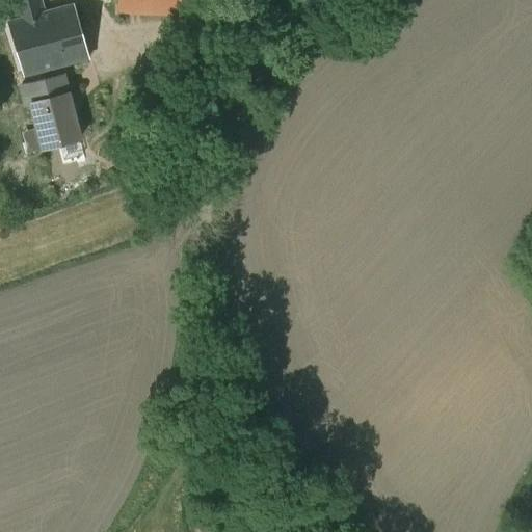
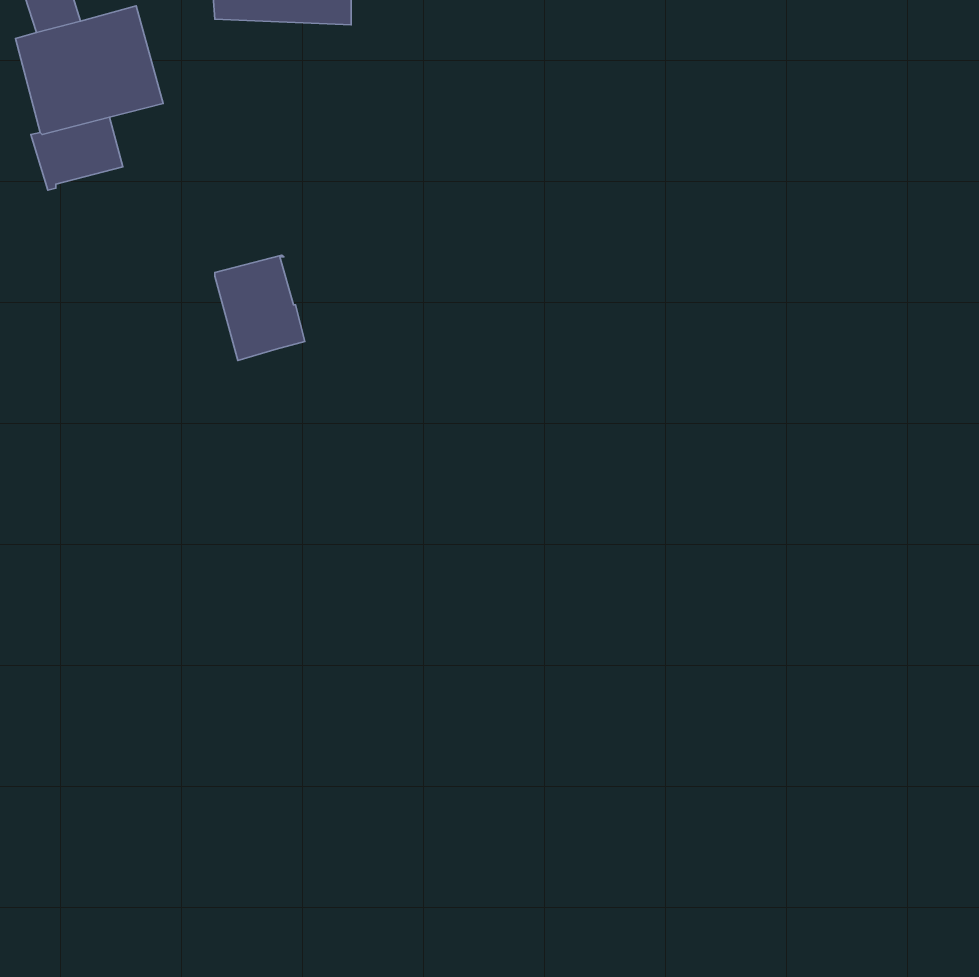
building: [31,90,80,148] -> [215,255,305,361]

